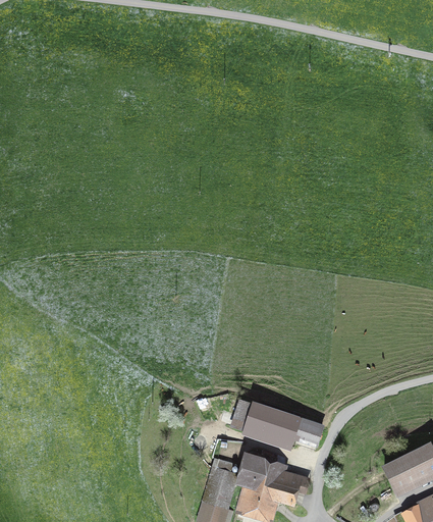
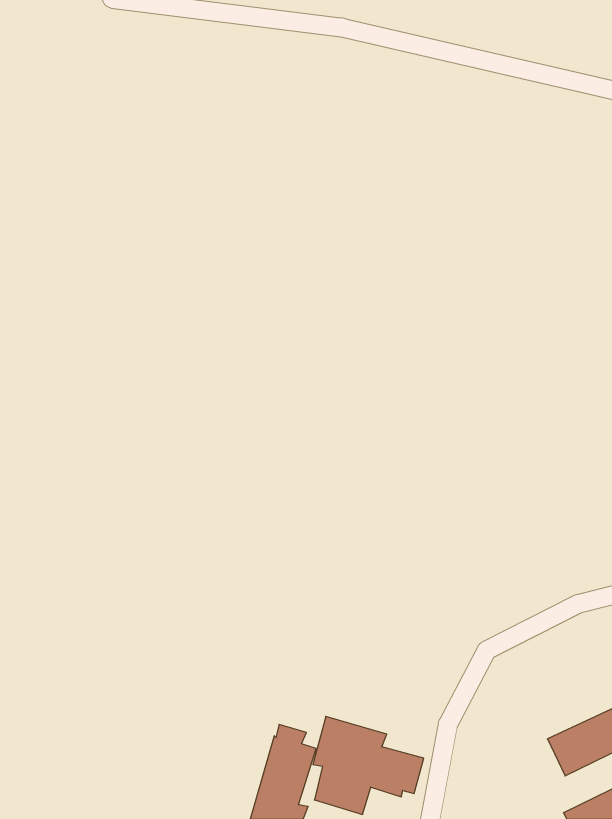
building: [232,403,322,447] -> none

